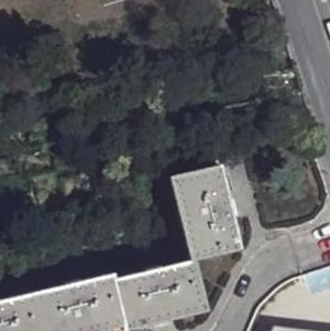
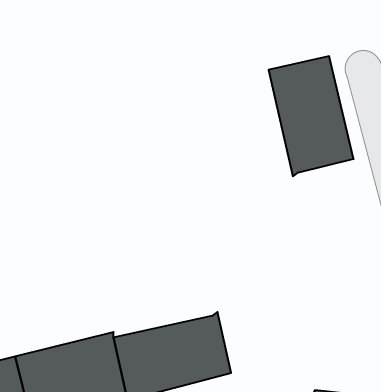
building: [172,168,241,265] -> [269,56,354,176]

